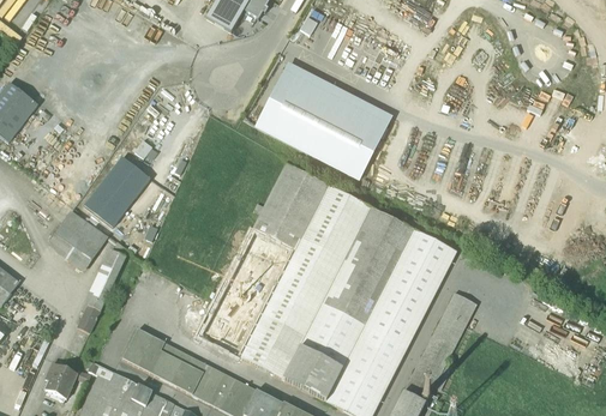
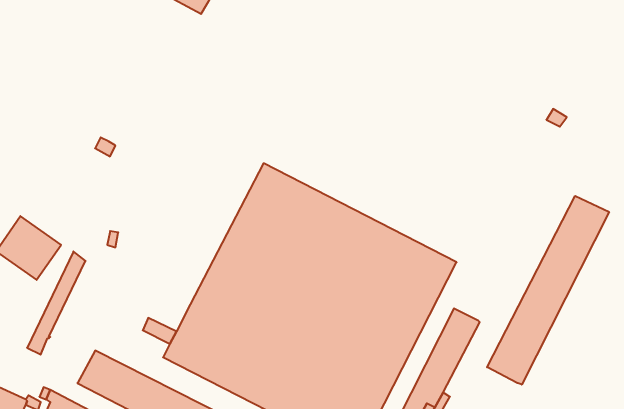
building: [256,72,385,177] -> none
building: [85,159,148,225] -> none
building: none -> [487,196,609,385]

